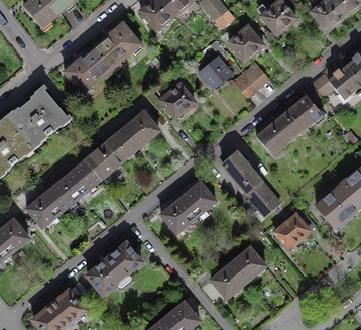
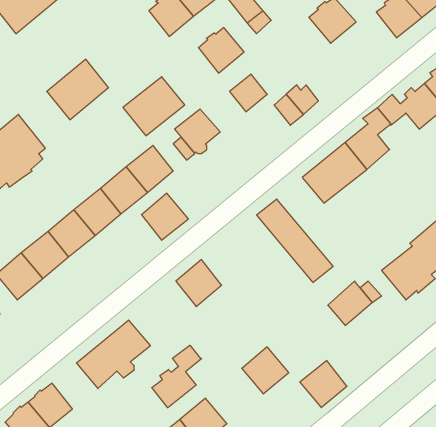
building: [94,23,140,68] -> [123,77,185,136]
building: [229,26,263,61] -> [198,28,244,73]
building: [181,181,216,216] -> [141,193,188,240]
building: [230,246,265,282] -> [300,361,347,408]
building: none -> [152,345,202,408]

